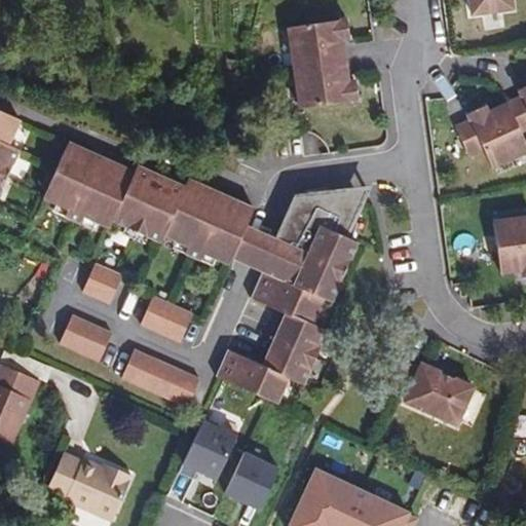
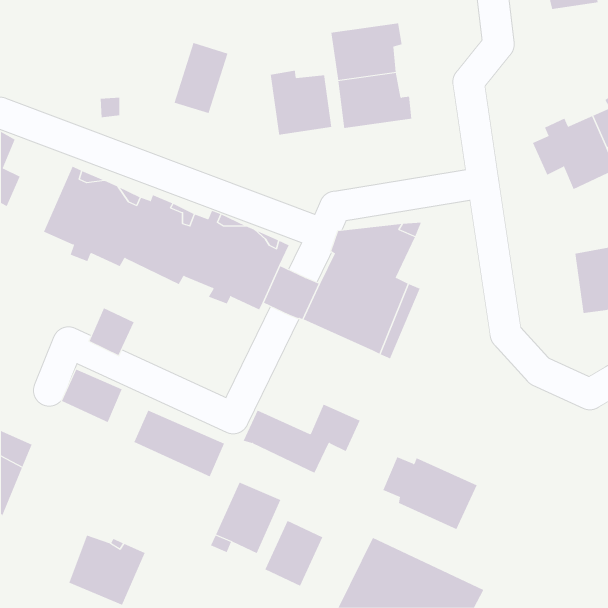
building: none -> [174,42,228,114]
building: none -> [270,70,332,136]
building: [249,272,326,360] -> none
building: [138,297,191,342] -> none
building: [394,358,476,420] -> [382,456,477,530]

